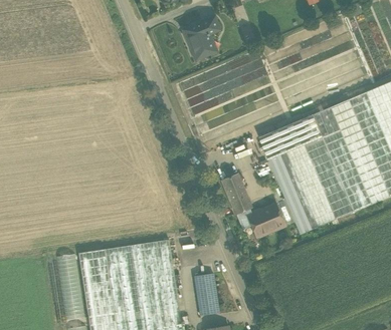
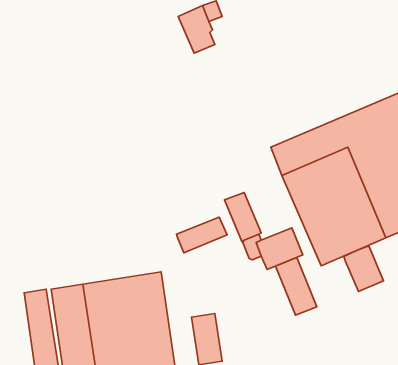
building: none -> [176,217,227,253]
building: none -> [344,246,384,292]
building: none -> [276,257,317,315]

